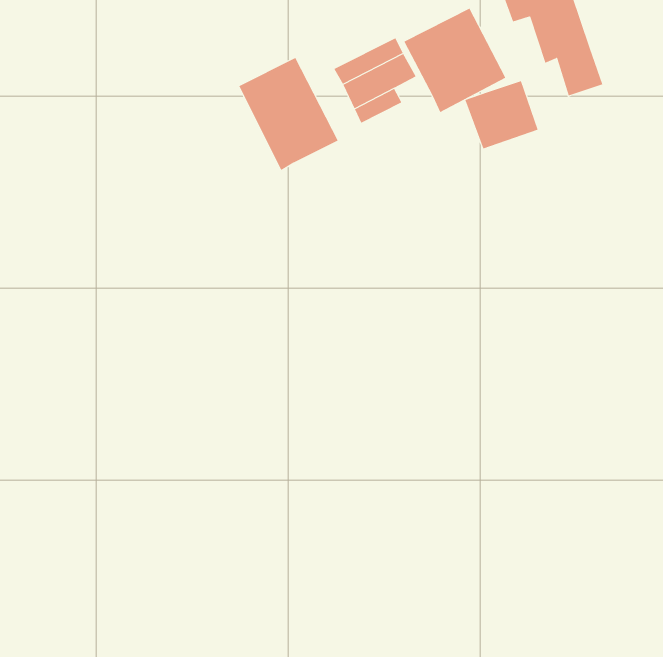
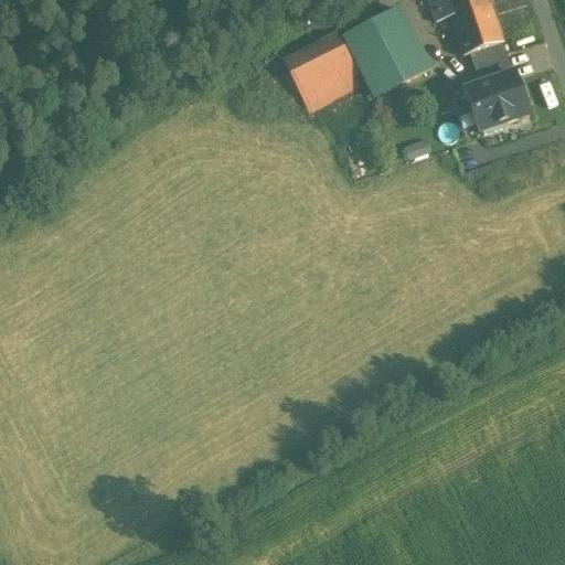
building: [238,57,339,171] -> none
building: [465,80,539,149] -> [465,72,527,130]

